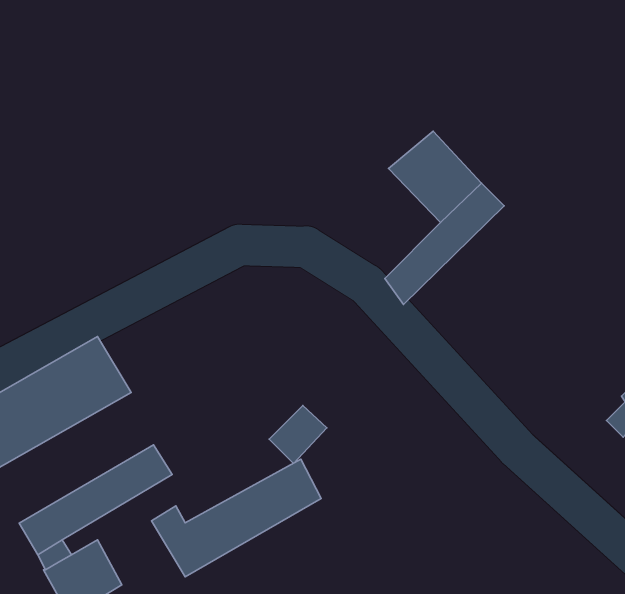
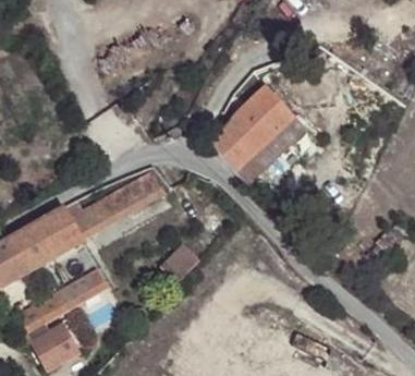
building: none -> [208,108,266,172]
building: [152,459,321,577] -> [65,170,164,239]

